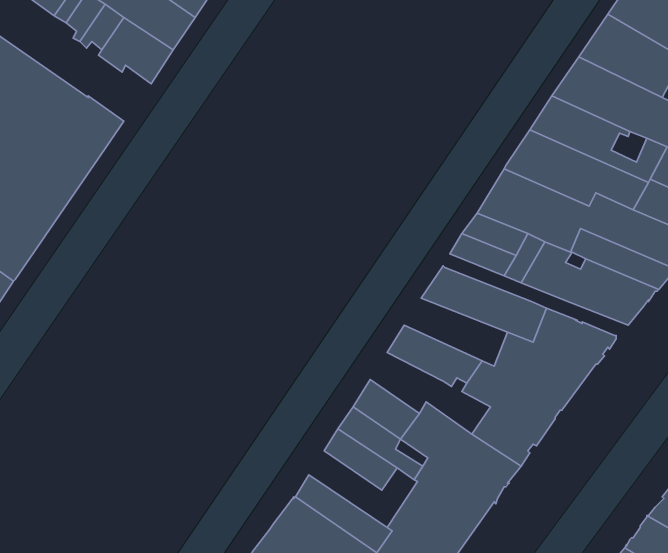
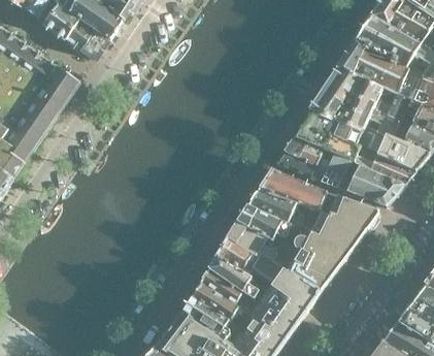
building: none -> [244,189,312,230]
building: none -> [229,222,302,271]
building: none -> [192,282,242,322]

